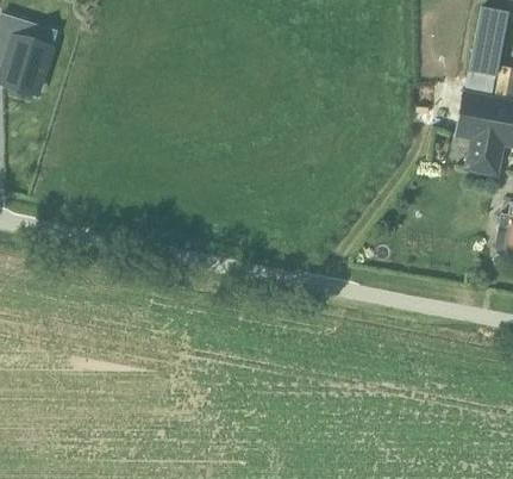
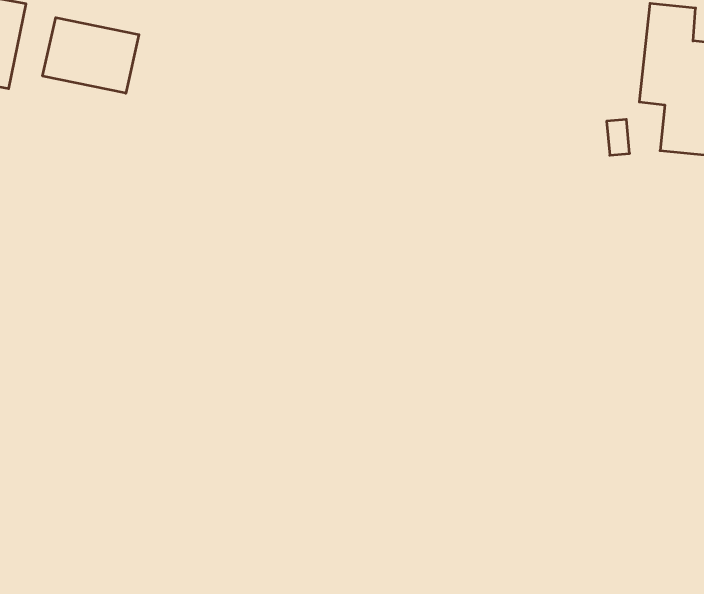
building: none -> [43,18,139,93]

